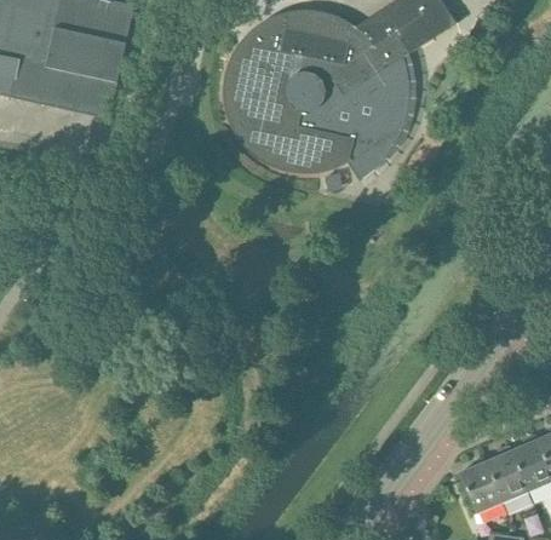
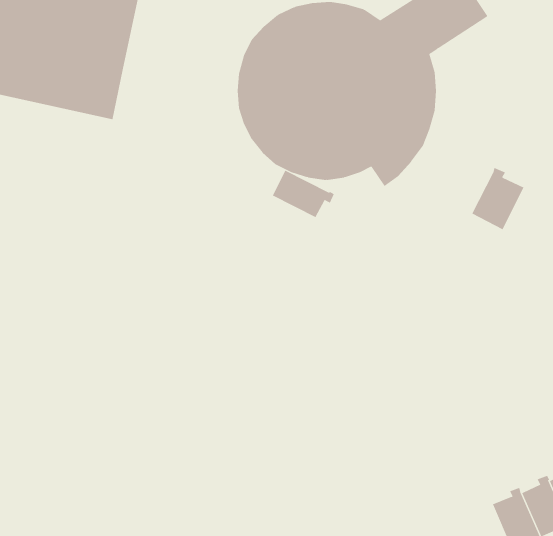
building: none -> [472,167,524,230]
building: none -> [272,170,334,218]

